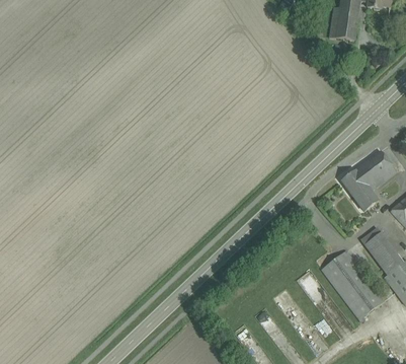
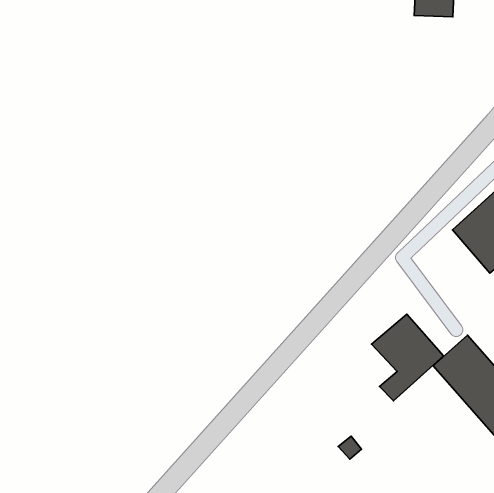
building: none -> [372,314,444,401]

